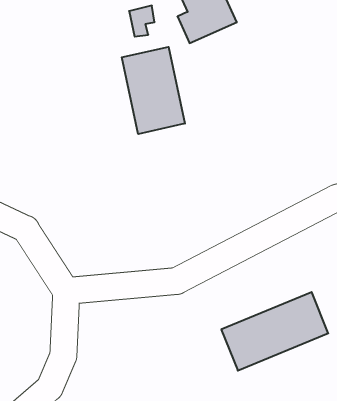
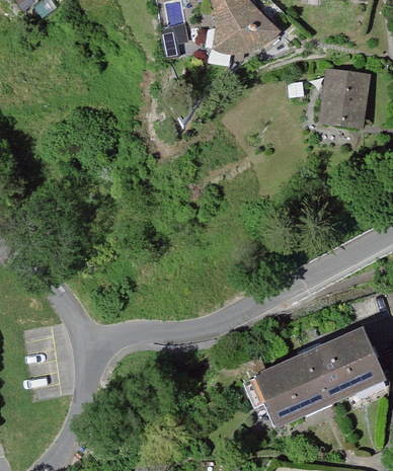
building: [122,47,185,134] -> none
building: none -> [319,68,368,121]

